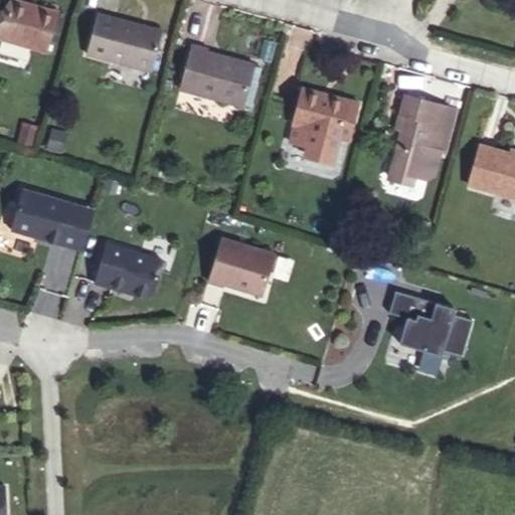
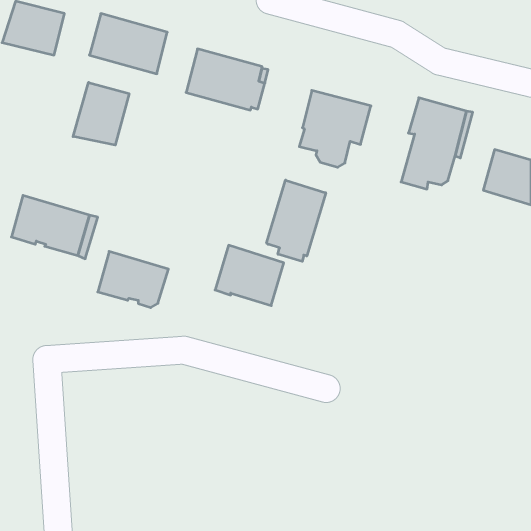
building: none -> [73,82,129,145]
building: none -> [267,180,326,261]
building: [388,291,473,355] -> none

